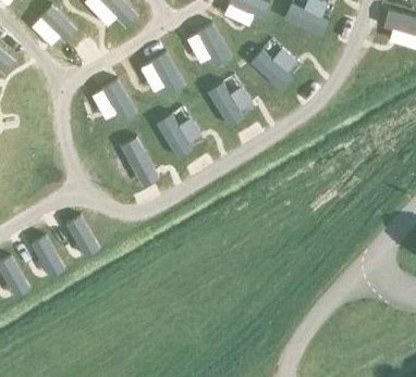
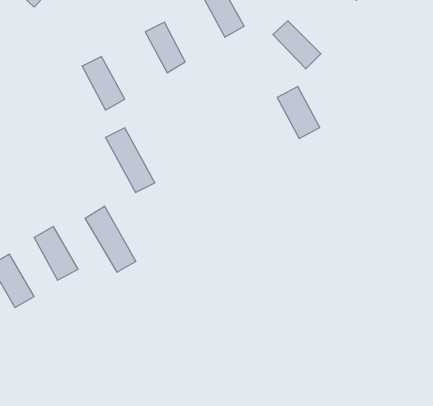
building: [210,86,244,127] -> [277,86,320,139]
building: [159,116,193,159] -> none
building: none -> [85,206,136,272]

